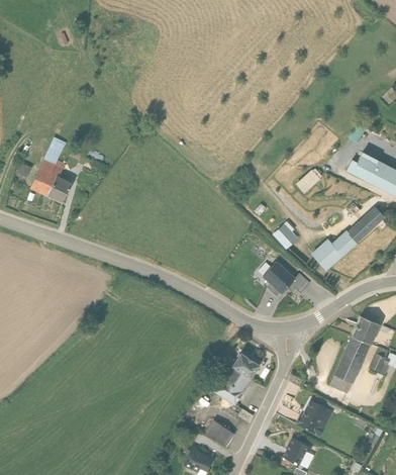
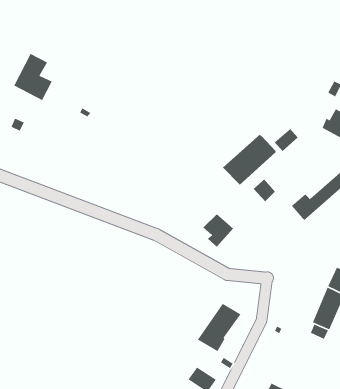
building: [26,152,69,203] -> [13,53,53,101]
building: none -> [222,134,276,186]
building: [262,263,295,299] -> [202,213,234,248]
building: [298,403,334,442] -> none

